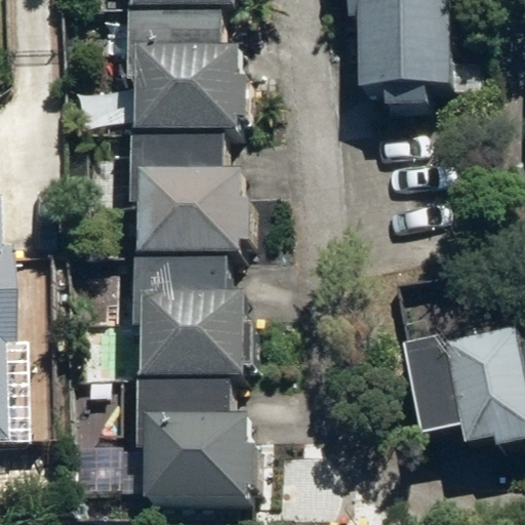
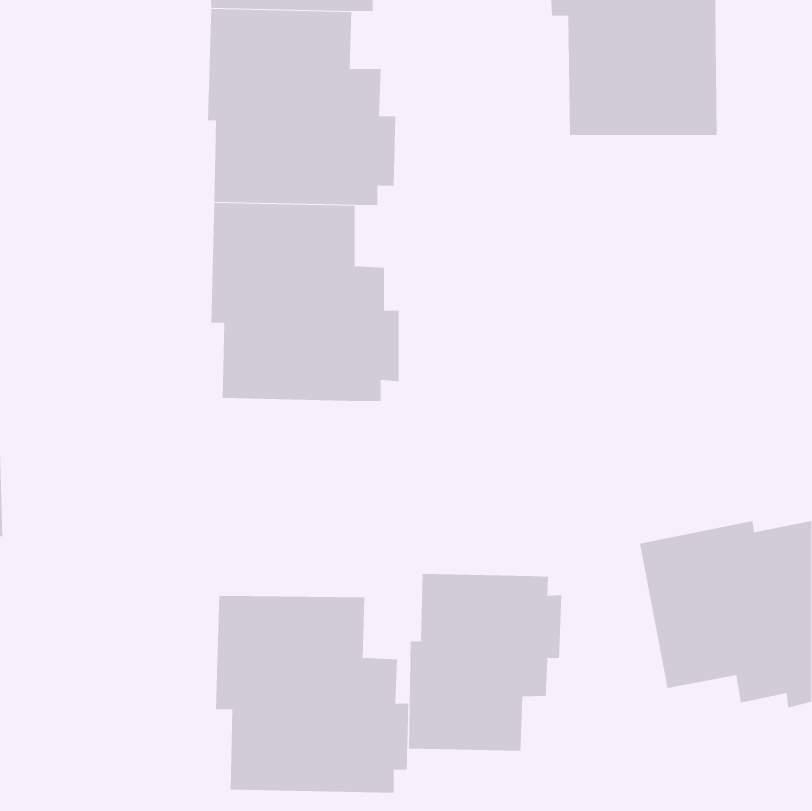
building: [133,250,246,376] -> none
building: none -> [409,573,562,751]

